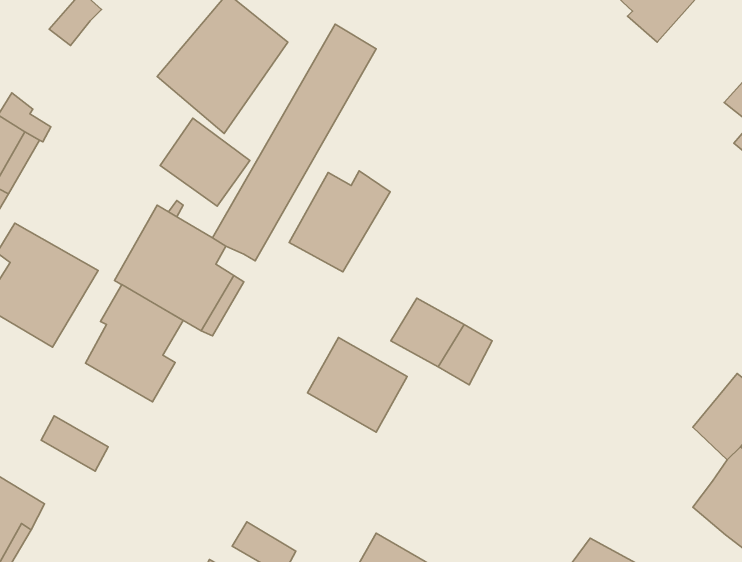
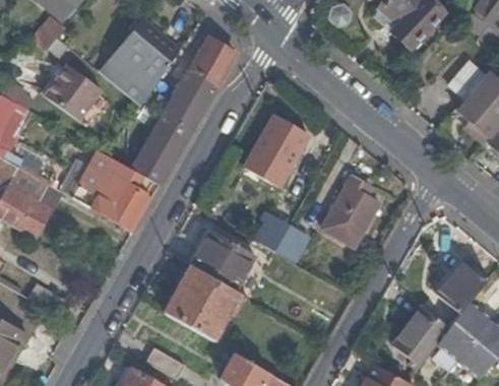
building: [160,118,250,206] -> [44,66,100,121]
building: [289,171,390,272] -> [246,122,309,185]
building: none -> [321,176,379,247]
building: [85,285,183,402] -> none
building: none -> [165,266,241,341]
building: none -> [386,300,444,363]

